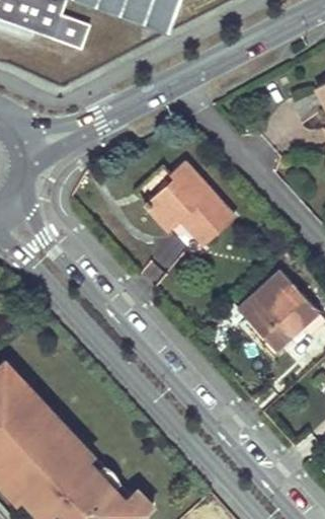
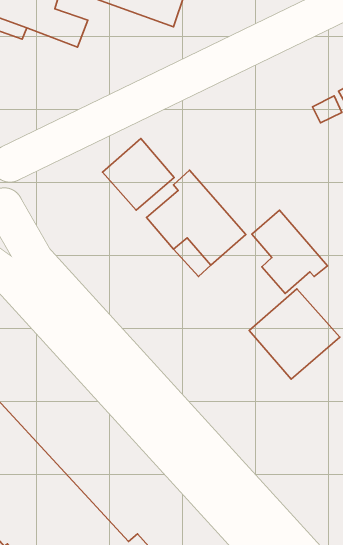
building: none -> [103,139,174,210]
building: none -> [252,210,327,294]

